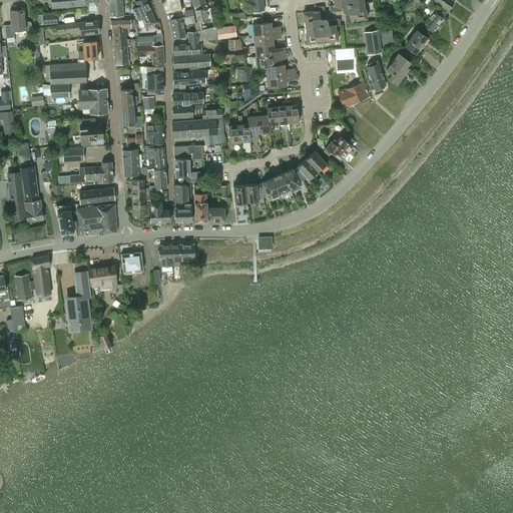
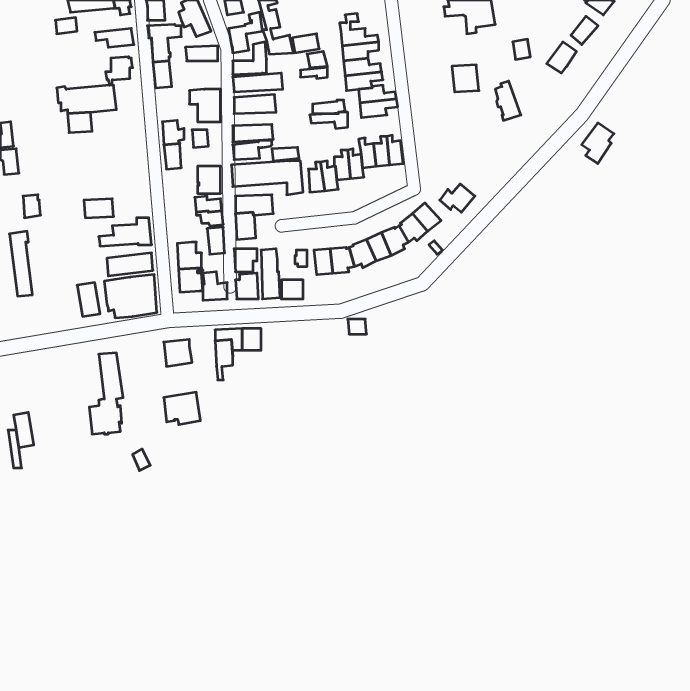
building: [304,6,342,44] -> none
building: [5,10,32,39] -> none
building: [365,29,383,54] -> none
building: [139,45,165,66] -> none
building: [387,54,411,84] -> [582,123,614,164]
building: [339,81,370,107] -> none
building: [80,88,108,113] -> none
building: [80,123,103,144] -> none
building: [122,149,139,175] -> none
building: [21,166,44,221] -> none
building: [16,254,51,299] -> none
building: [90,265,117,289] -> [164,392,200,425]

